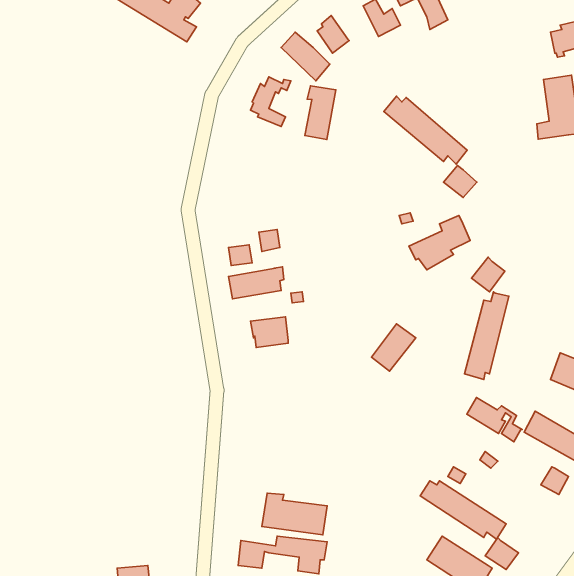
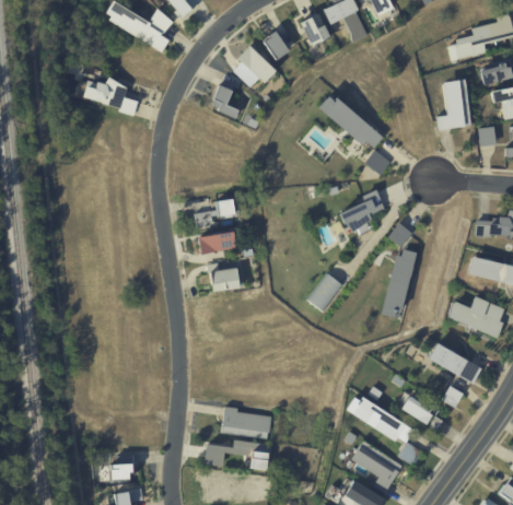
building: none -> [81,75,138,115]
building: [305,86,336,139] -> none
building: [467,397,522,442] -> [400,396,444,431]

